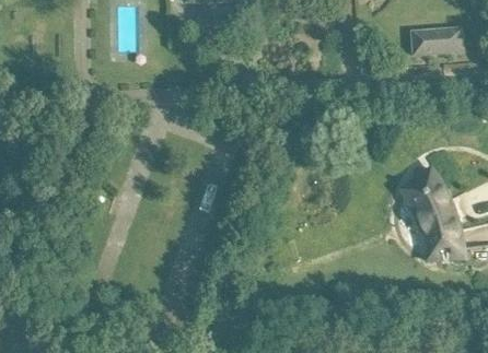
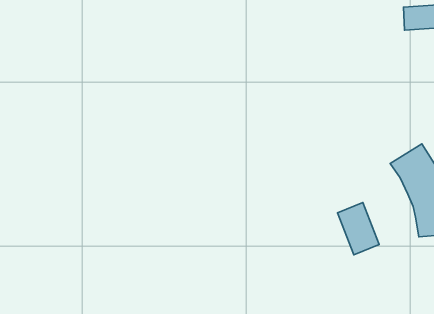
building: none -> [338,202,379,255]

